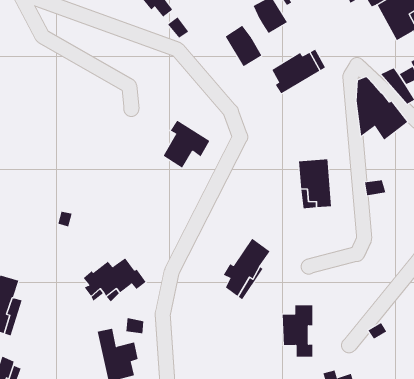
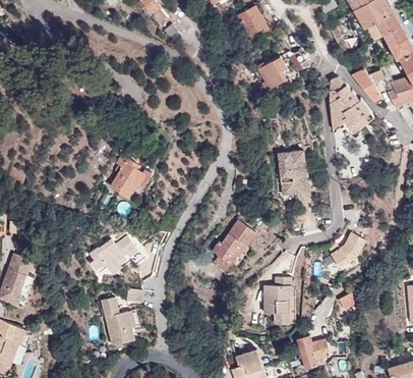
building: [225,25,262,67] -> none
building: [163,120,210,169] -> [110,155,152,198]
building: none -> [330,231,364,267]

